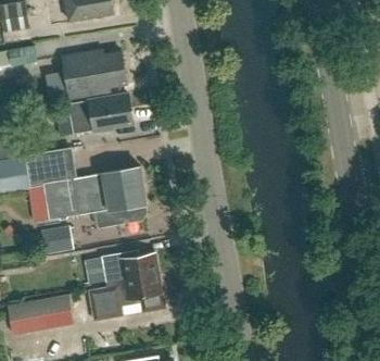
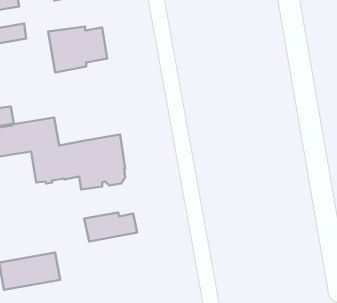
building: [62,94,131,134] -> none
building: [39,226,73,254] -> none
building: [87,273,165,321] -> none

